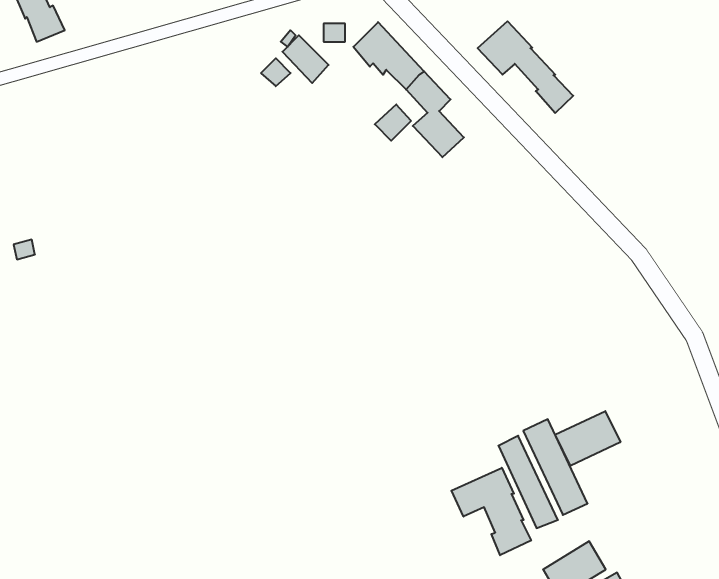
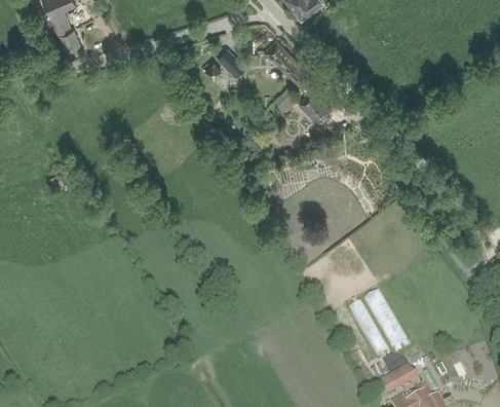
building: [478,21,573,113] -> none
building: [555,411,620,466] -> none
building: [451,468,531,555] -> none

